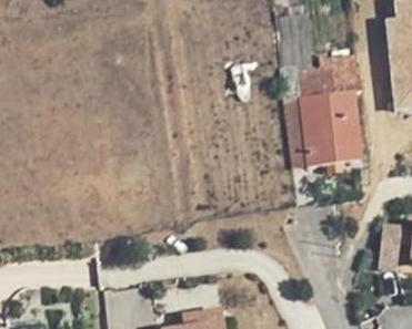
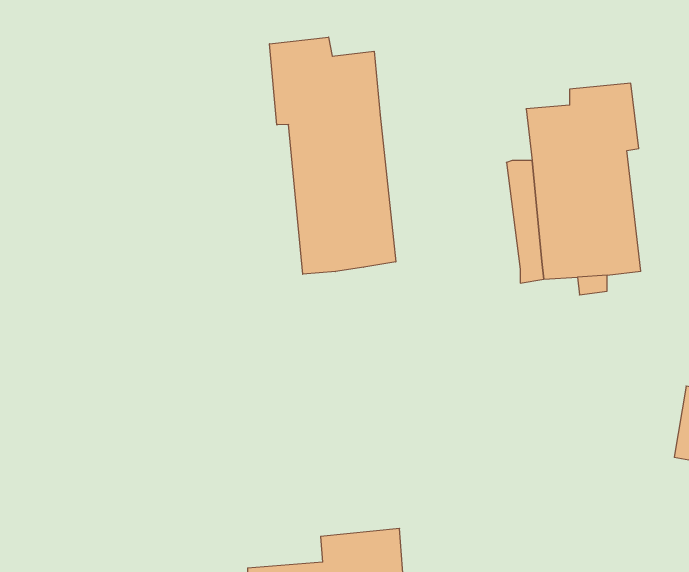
building: none -> [270,37,396,274]

